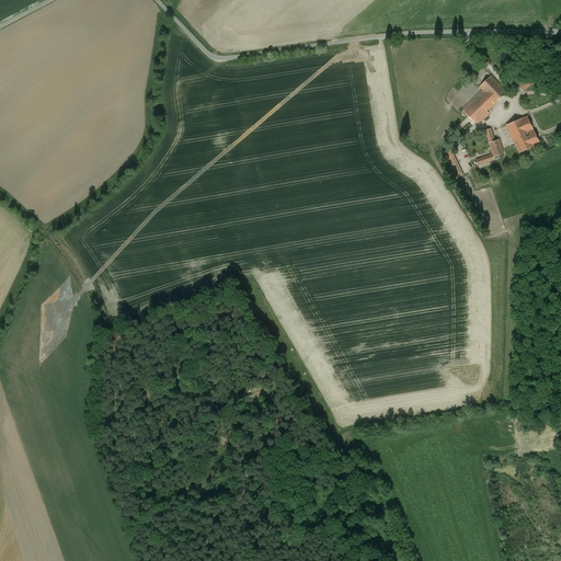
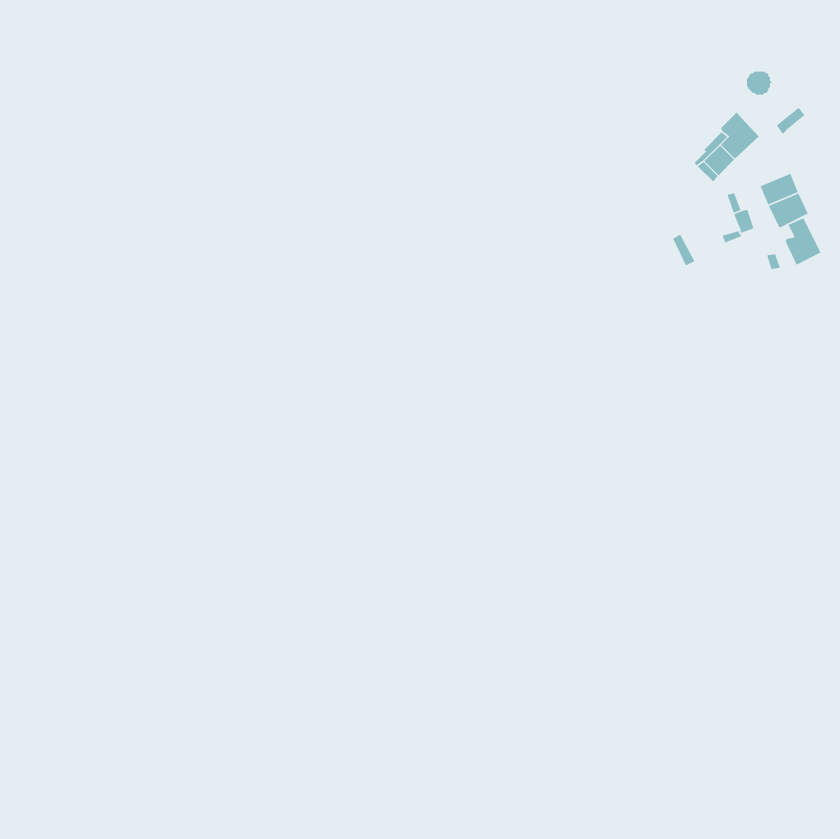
building: none -> [784,217,822,266]

